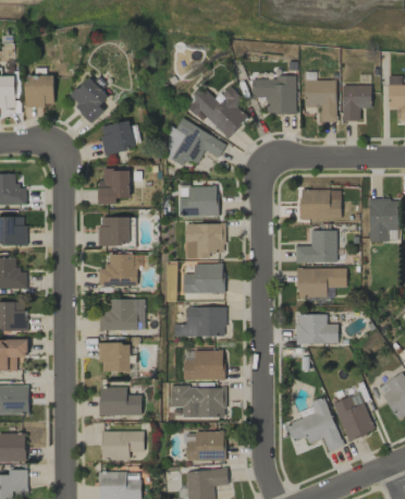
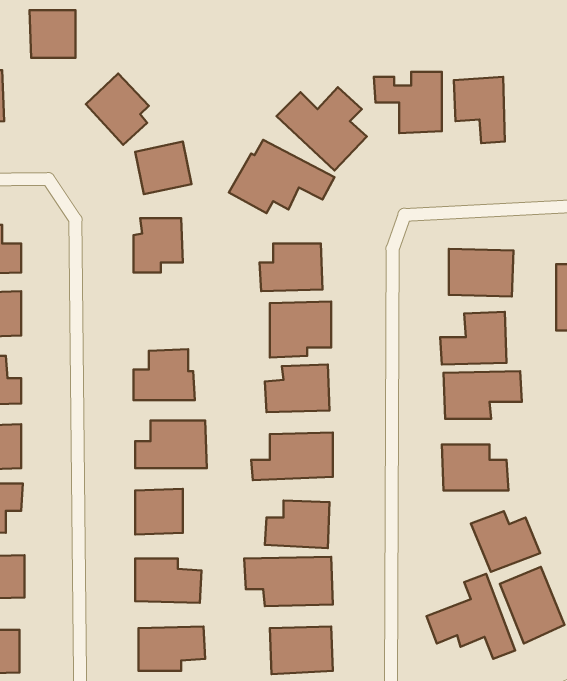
building: [25,76,54,107] -> [30,10,76,58]
building: [342,85,371,122] -> none
building: [99,217,132,246] -> none
building: none -> [471,511,540,572]

